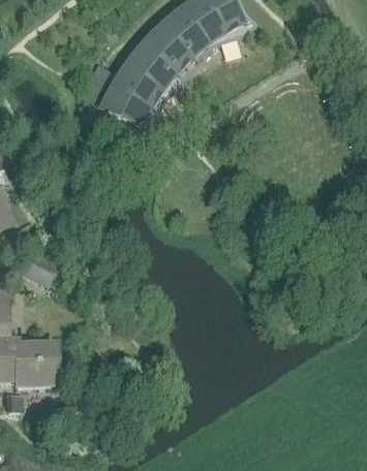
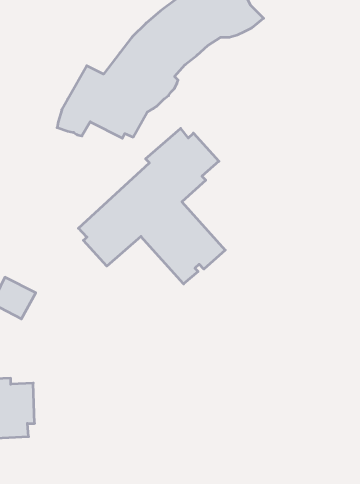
building: none -> [78,128,225,284]

